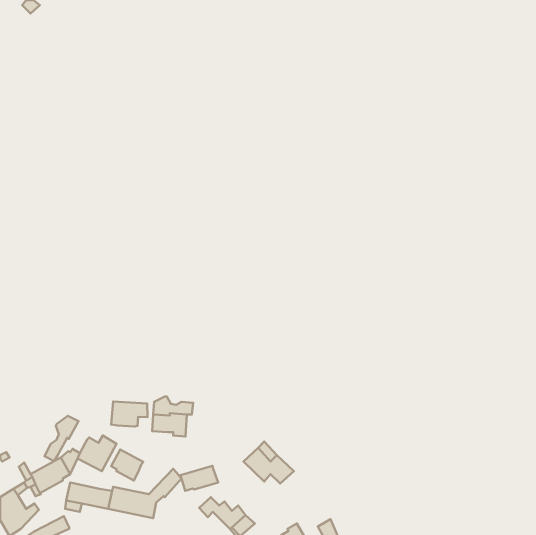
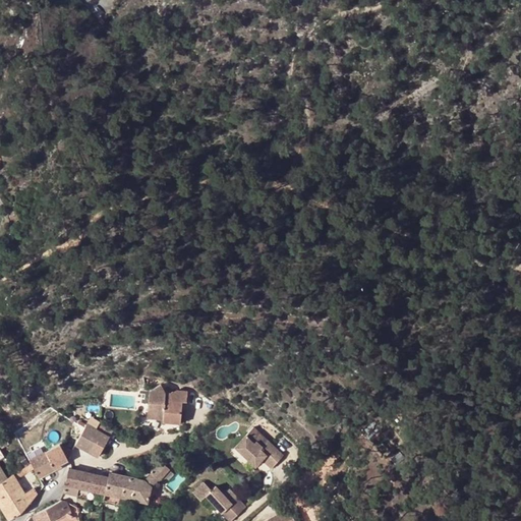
building: [111,401,147,426] -> none
building: [44,416,78,461] -> none
building: [111,449,143,480] -> none
building: [181,466,218,491] -> none

